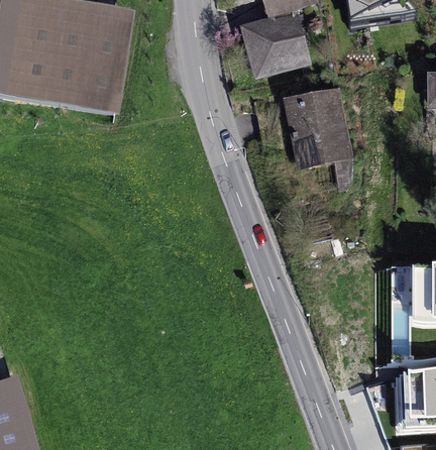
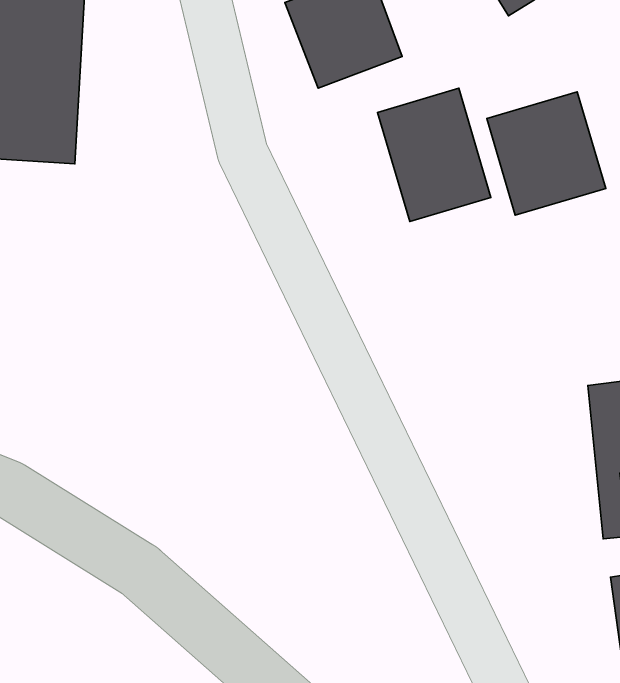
building: none -> [487,92,606,215]

